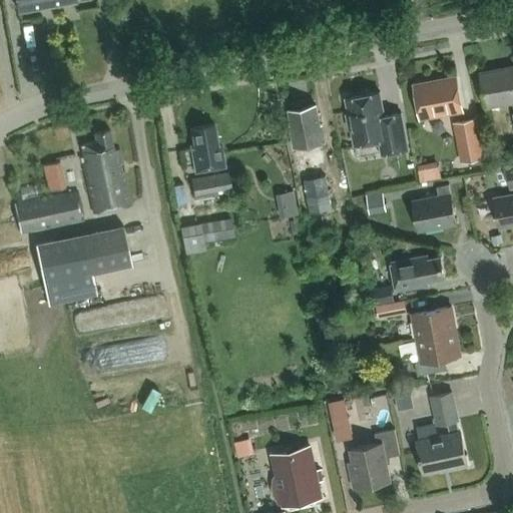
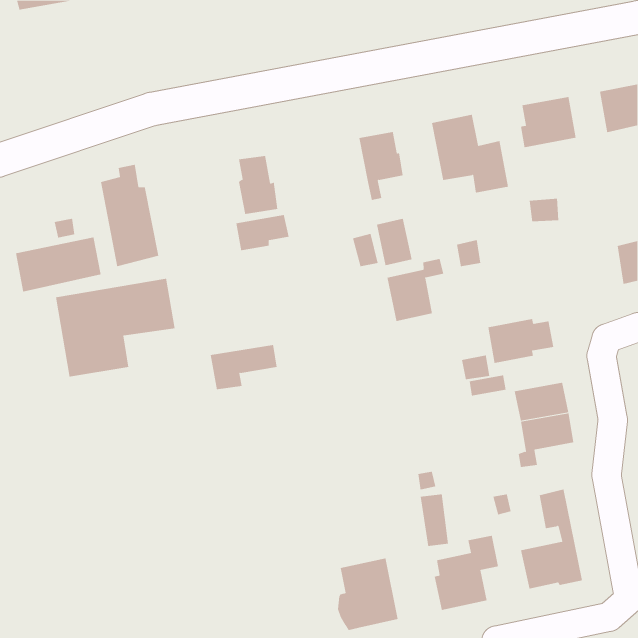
building: [451,118,483,162] -> none
building: [411,185,455,232] -> none
building: none -> [387,258,444,322]
building: [177,219,231,255] -> [210,345,278,390]

